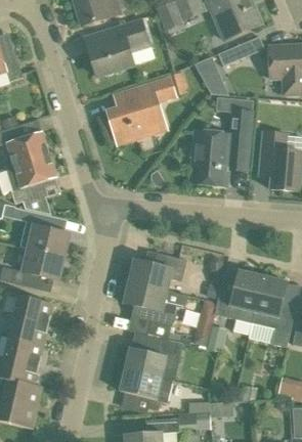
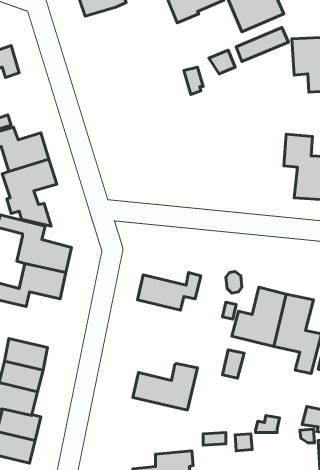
building: [84,19,152,75] -> none
building: [109,79,172,141] -> none
building: [189,96,253,184] -> none
building: [123,280,185,342] -> none
building: [12,294,52,323] -> none
building: [119,368,172,409] -> none

